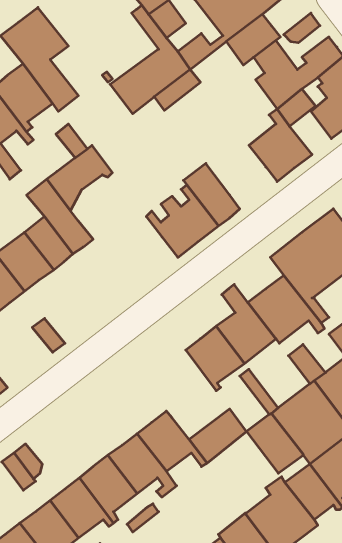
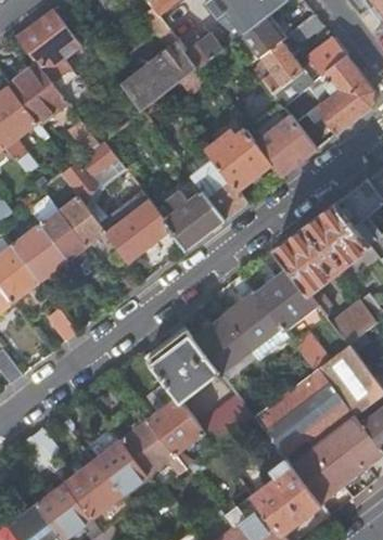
building: none -> [206,129,271,190]
building: none -> [91,200,171,262]
building: none -> [145,326,224,403]

